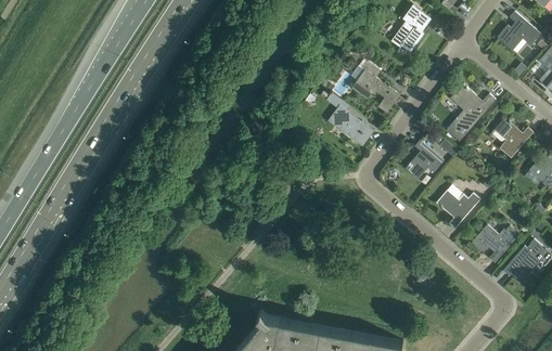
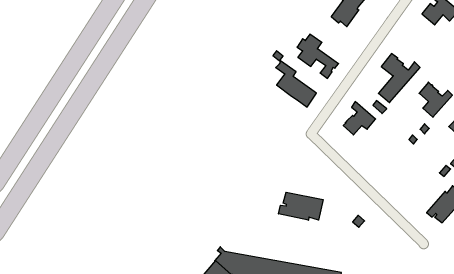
building: [436,190,480,230] -> none
building: [472,225,519,263] -> none
building: none -> [279,192,323,220]

